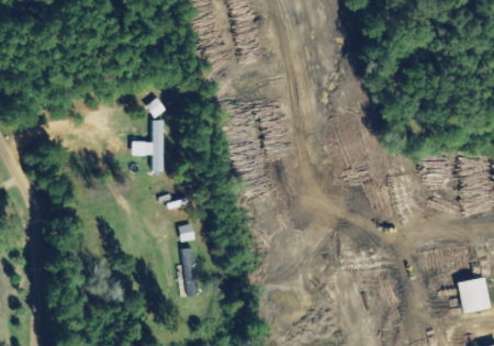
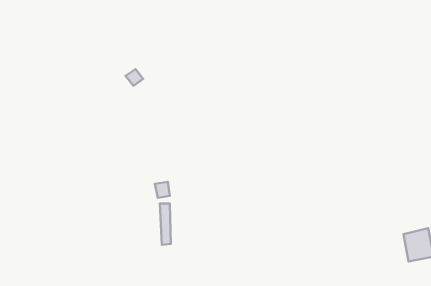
building: [132,121,165,172] -> none

